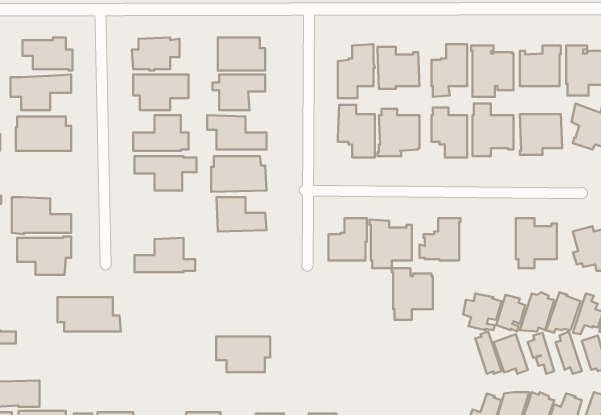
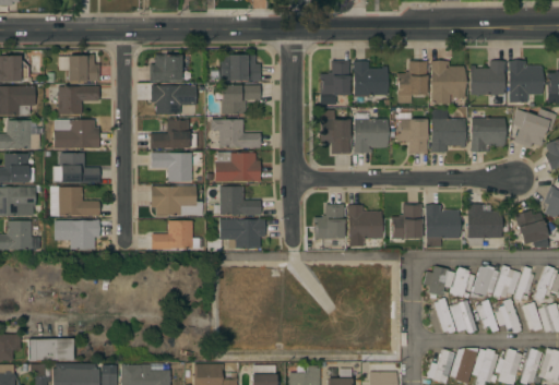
building: none -> [55,153,99,182]
building: [392,268,433,320] -> [425,205,459,248]
building: [57,297,121,331] -> [151,187,203,215]
building: [216,337,270,372] -> [219,219,264,249]

